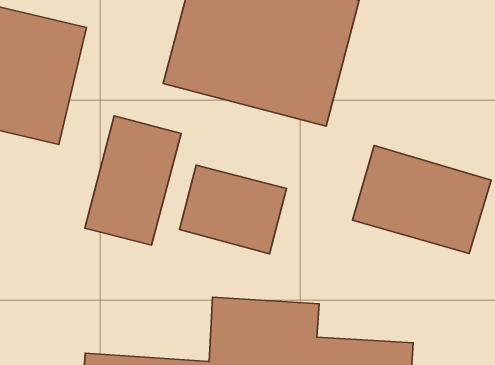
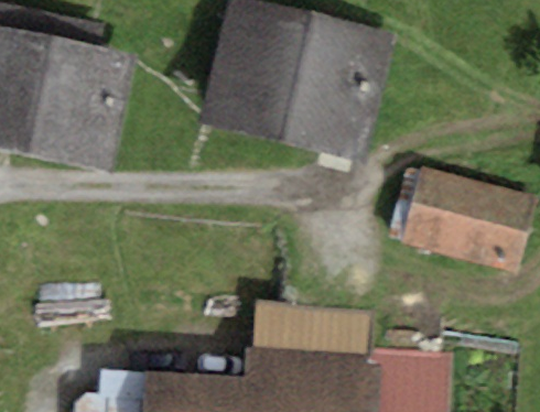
building: [85,116,181,245] -> none
building: [180,165,287,254] -> none

